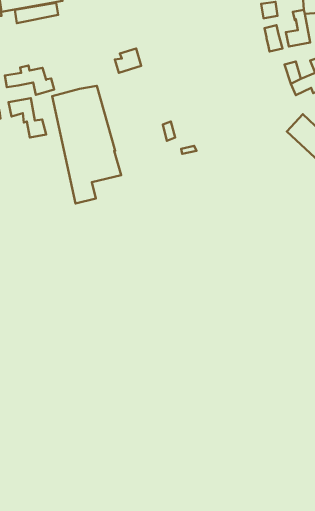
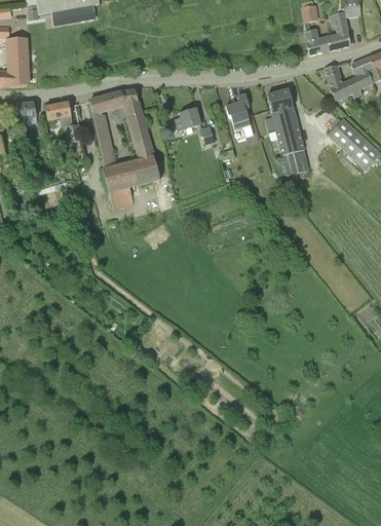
building: [115,48,141,73] -> [174,106,200,130]
building: [5,65,54,95] -> none
building: none -> [267,87,308,174]
building: none -> [225,92,251,128]

